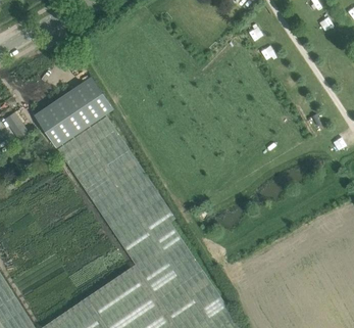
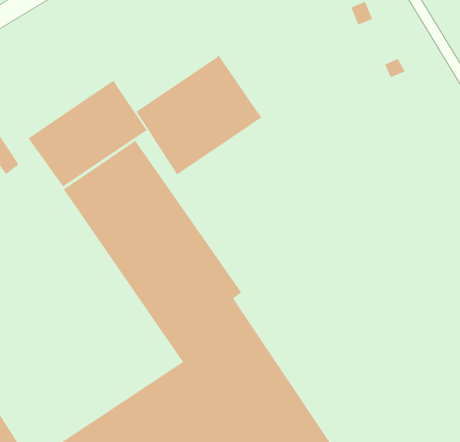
building: none -> [136,55,262,175]

